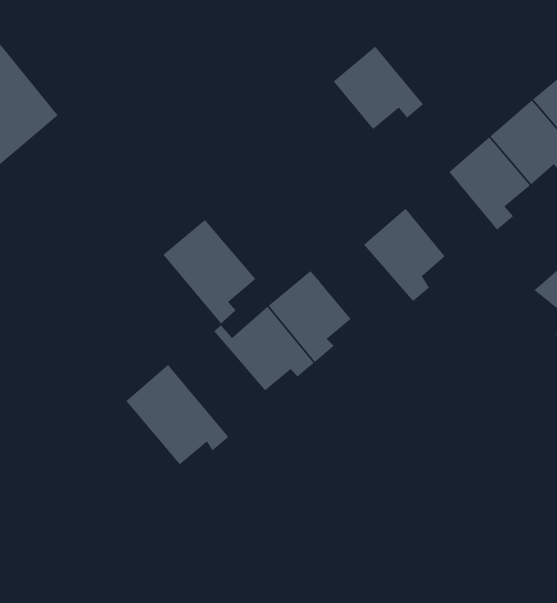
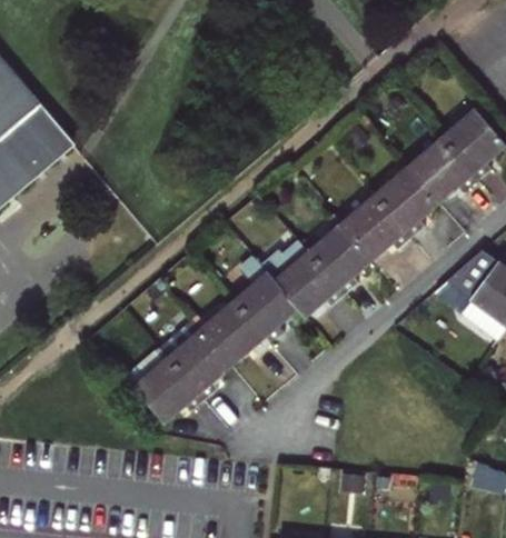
building: [333,46,424,130] -> [344,190,415,256]
building: [162,219,256,324] -> [160,315,234,397]
building: none -> [277,247,349,312]

